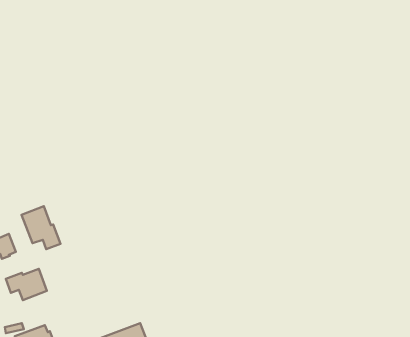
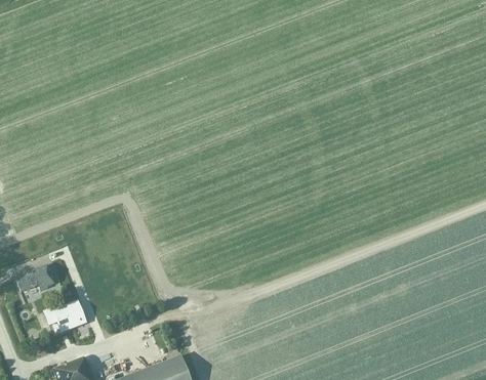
building: [22,206,60,249] -> none

